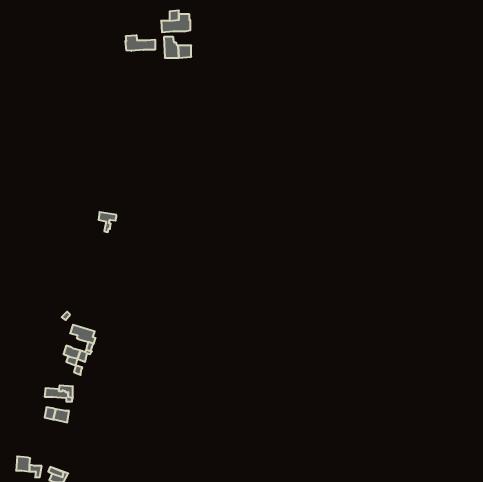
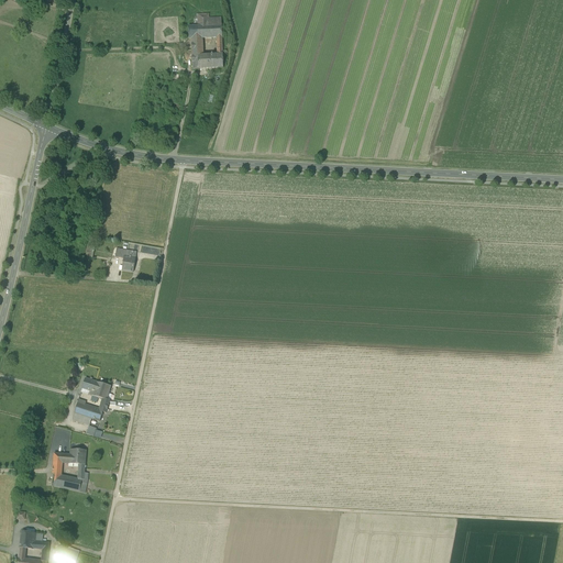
building: [125,35,155,51] -> none

